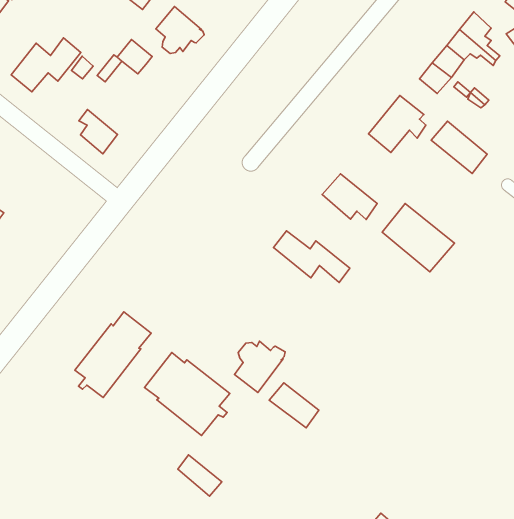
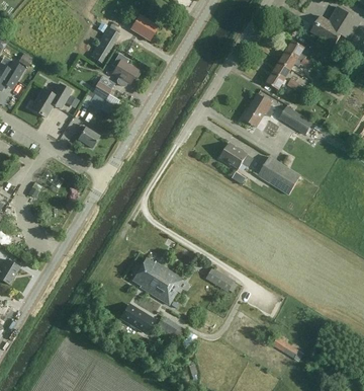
building: [273,231,350,282] -> none
building: [75,312,151,397] -> none
building: [234,341,285,392] -> none
building: none -> [123,305,152,330]

